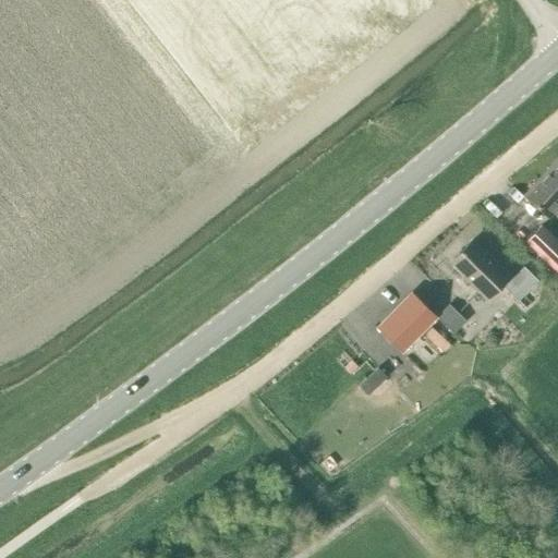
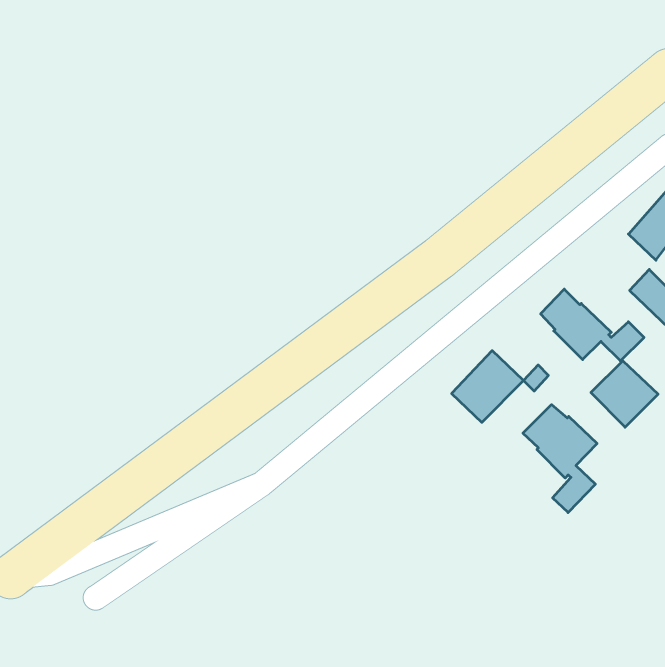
building: none -> [591,361,658,427]
building: none -> [523,405,597,513]

